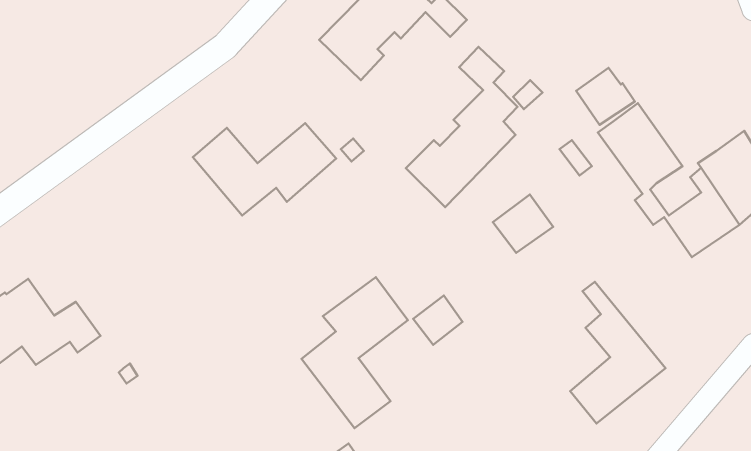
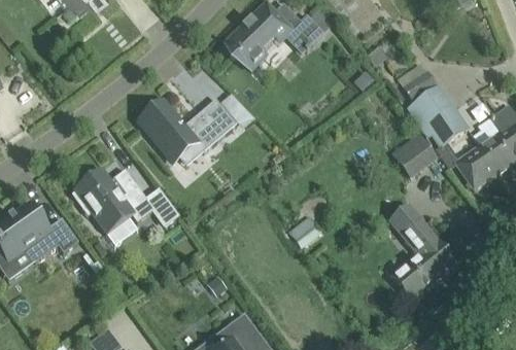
building: [406,47,518,207] -> none
building: [493,194,553,253] -> [392,134,433,173]
building: none -> [71,169,178,234]
building: [301,277,408,428] -> none

